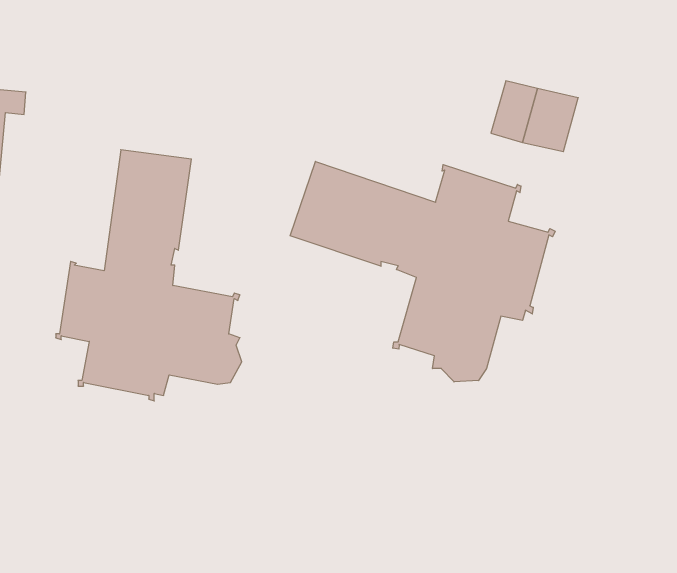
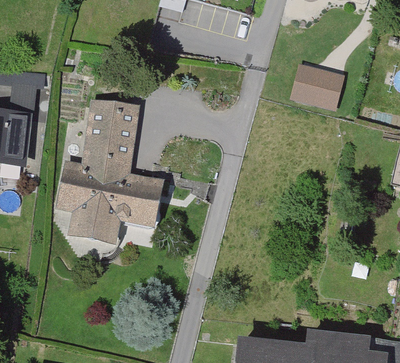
building: [290,161,555,382] -> none

